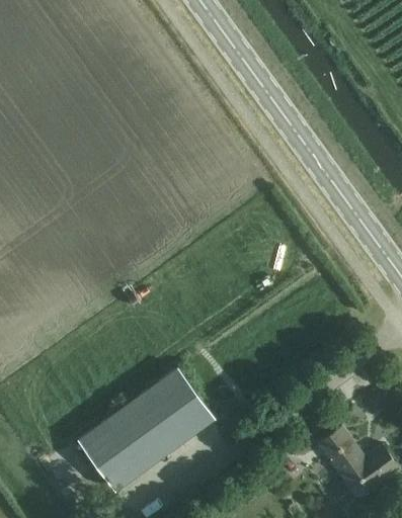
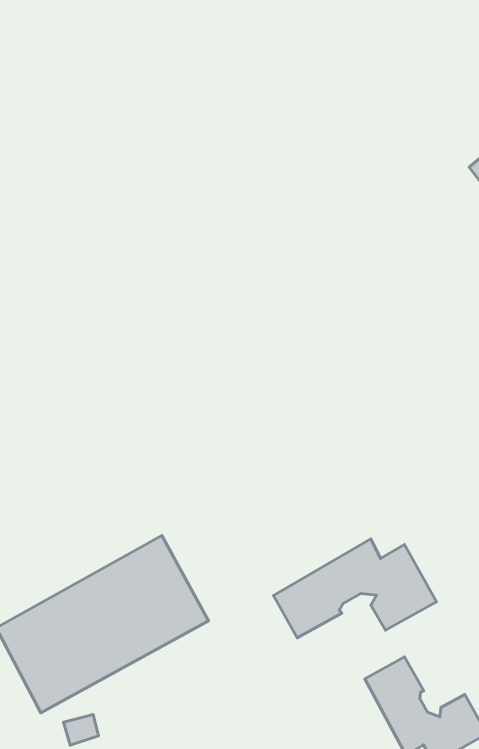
building: none -> [273,539,436,638]

